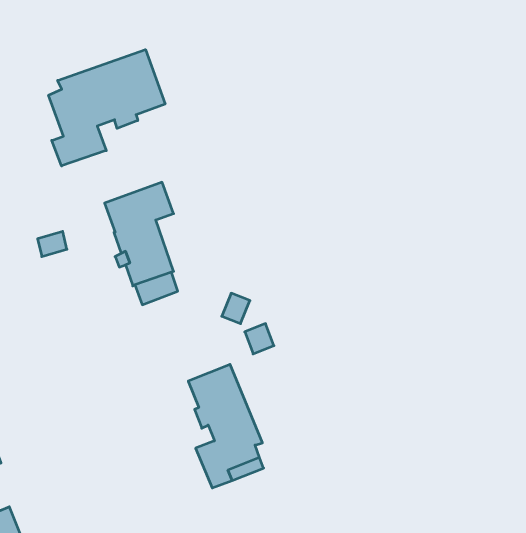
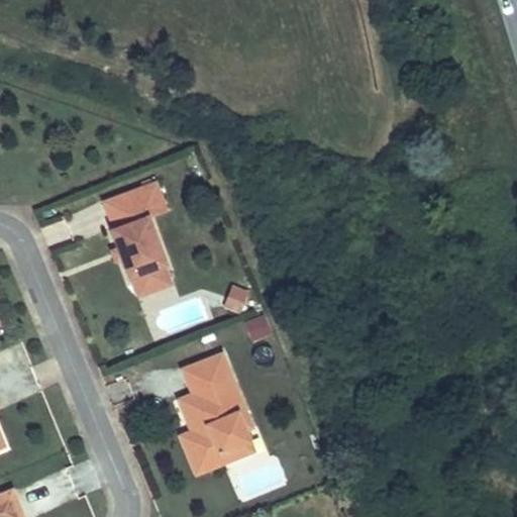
building: [49,50,165,166] -> none

